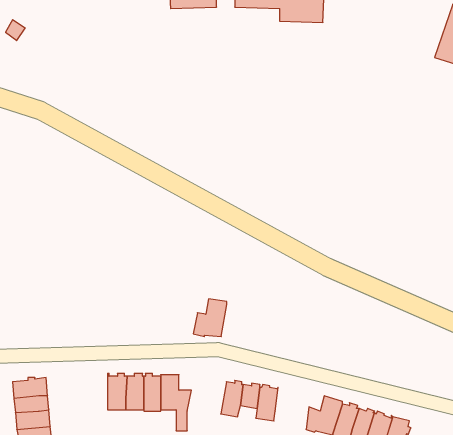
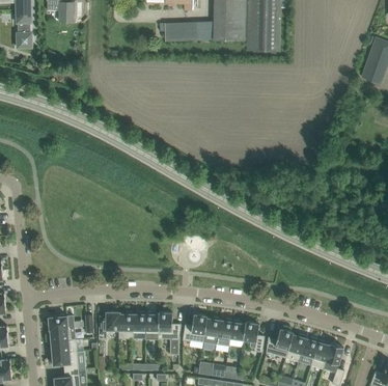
building: [193,299,227,337] -> [182,313,206,341]
building: none -> [99,311,118,338]
building: none -> [243,322,264,352]

